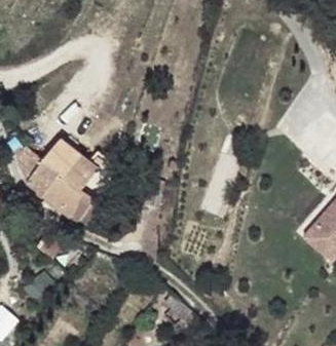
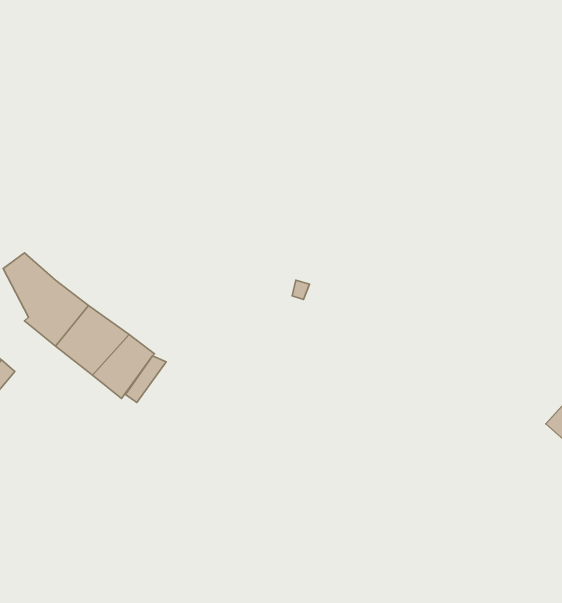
building: [42,138,98,188] -> none

